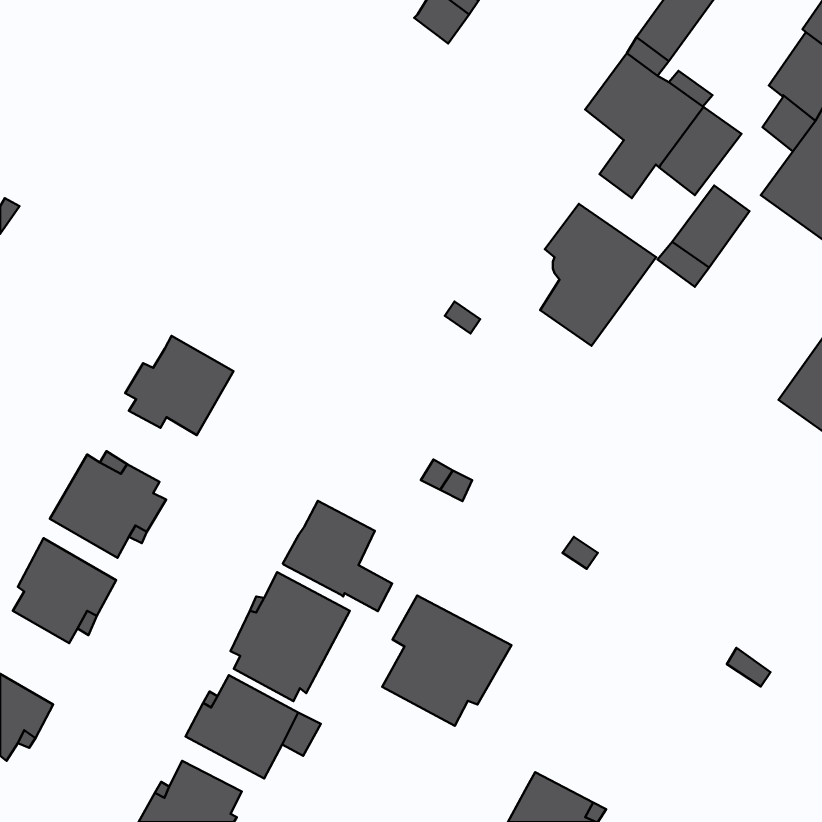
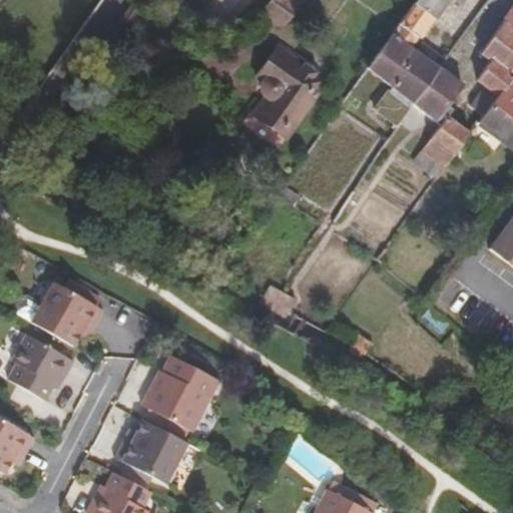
building: [540,204,656,346] -> [252,48,325,136]
building: [125,336,233,435] -> none
building: [283,501,392,611] -> none
building: [382,595,512,726] -> none

